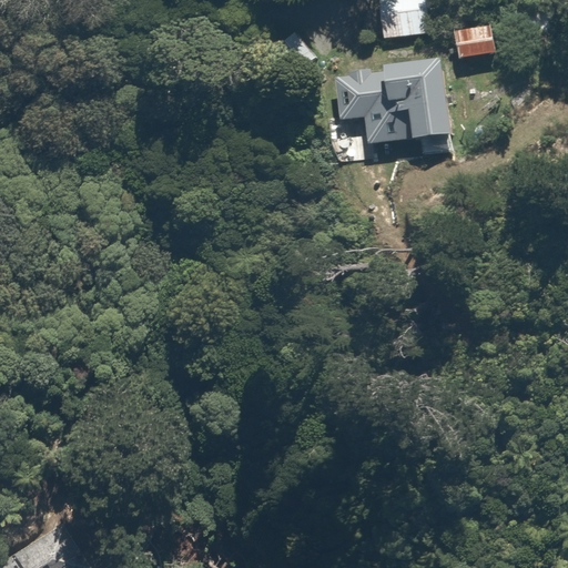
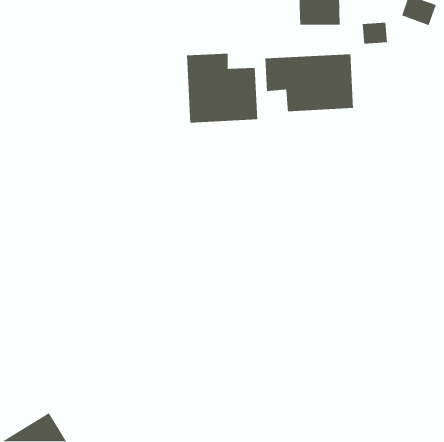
building: none -> [186,53,258,124]

